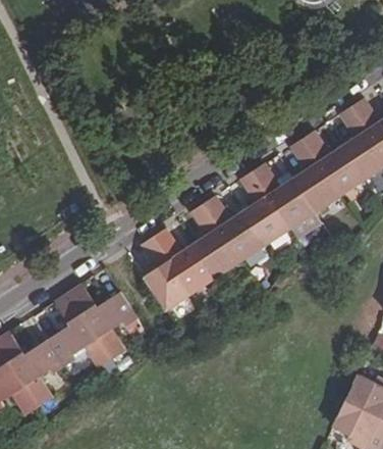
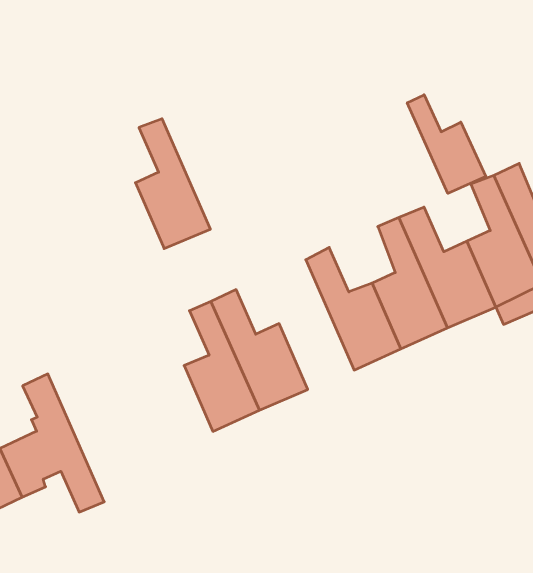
building: none -> [407,95,486,193]
building: [190,204,240,278] -> [135,119,210,249]
building: [67,284,136,360] -> none

